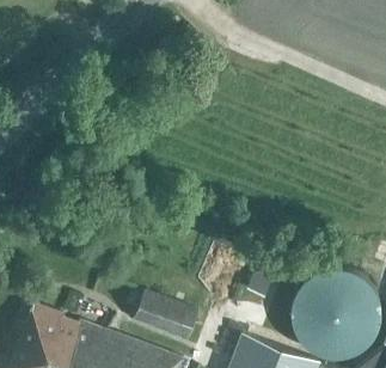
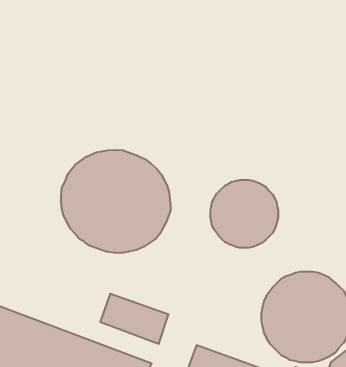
building: none -> [61,150,170,253]
building: none -> [210,180,278,248]

